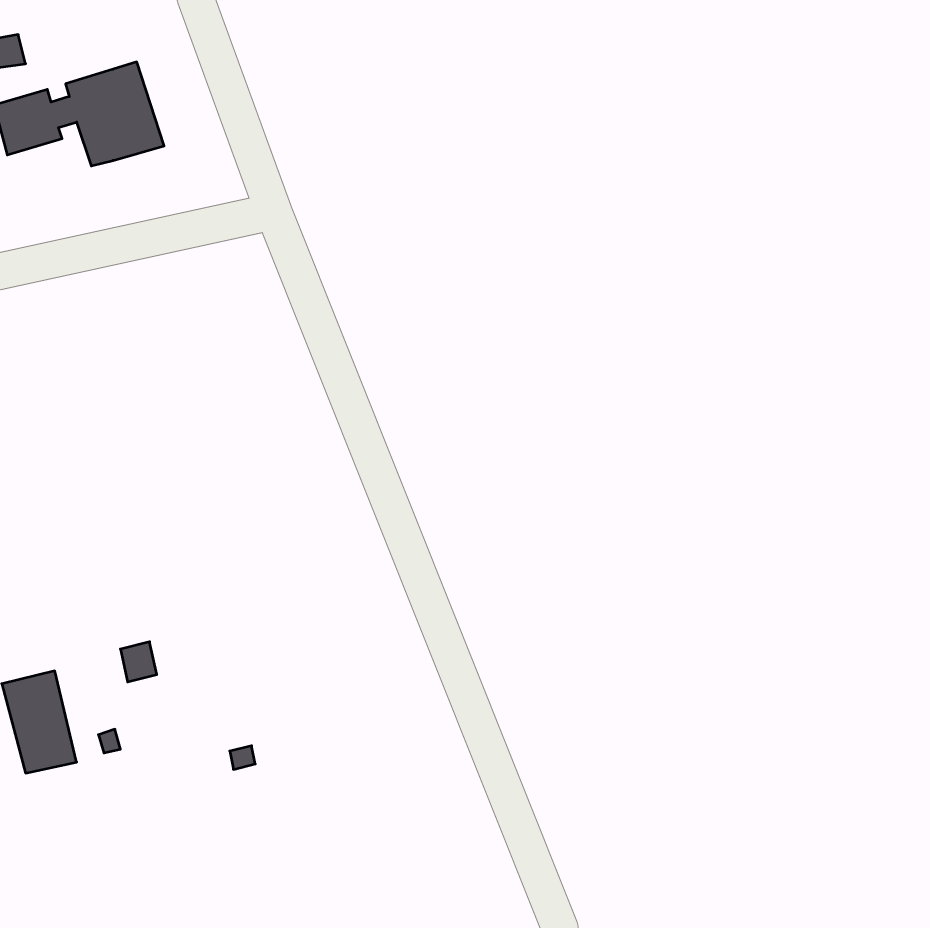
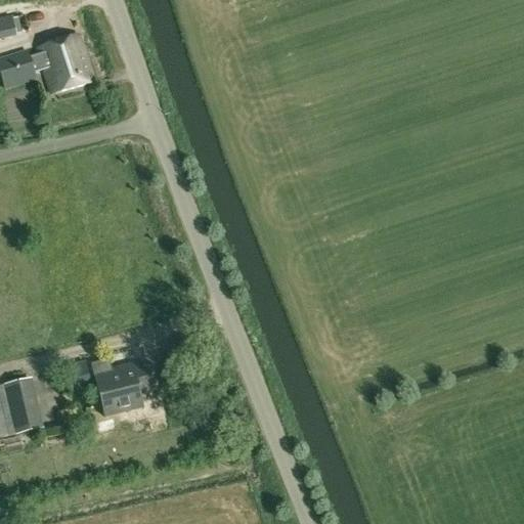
building: none -> [89,354,155,416]

